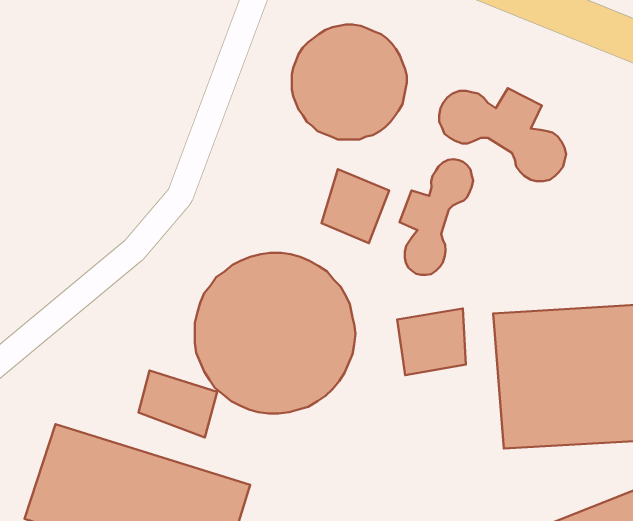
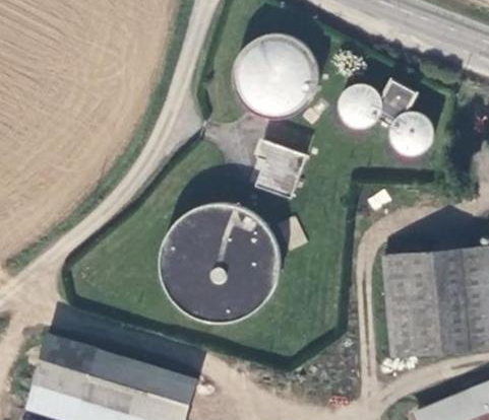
building: [399,159,473,275] -> none
building: [397,309,466,375] -> none
building: [139,370,217,437] -> none

